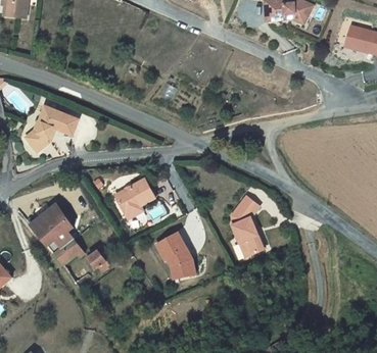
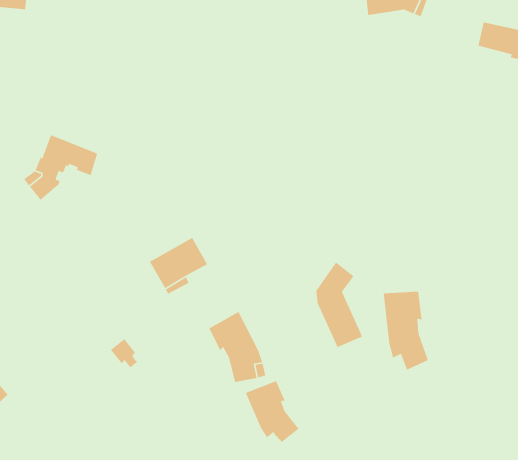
building: [27,204,84,265] -> none
building: none -> [383,291,429,371]
building: none -> [245,380,299,443]

